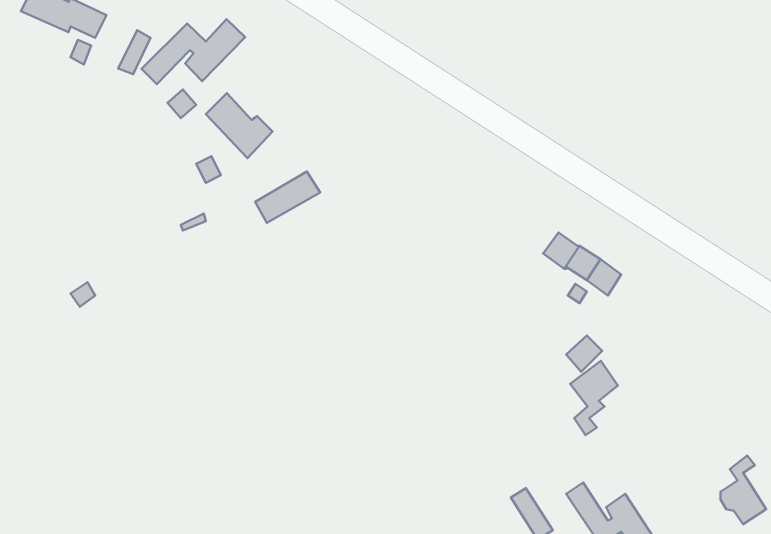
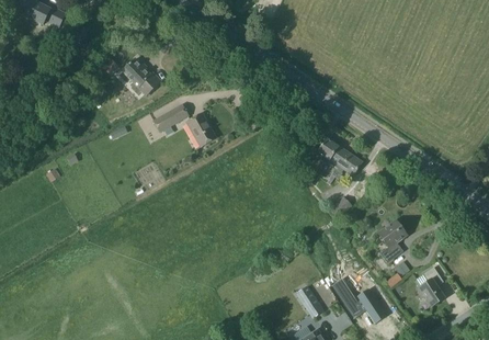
building: [142,19,245,84] -> none
building: none -> [186,113,216,146]
building: [570,361,618,435] -> [378,219,406,262]

